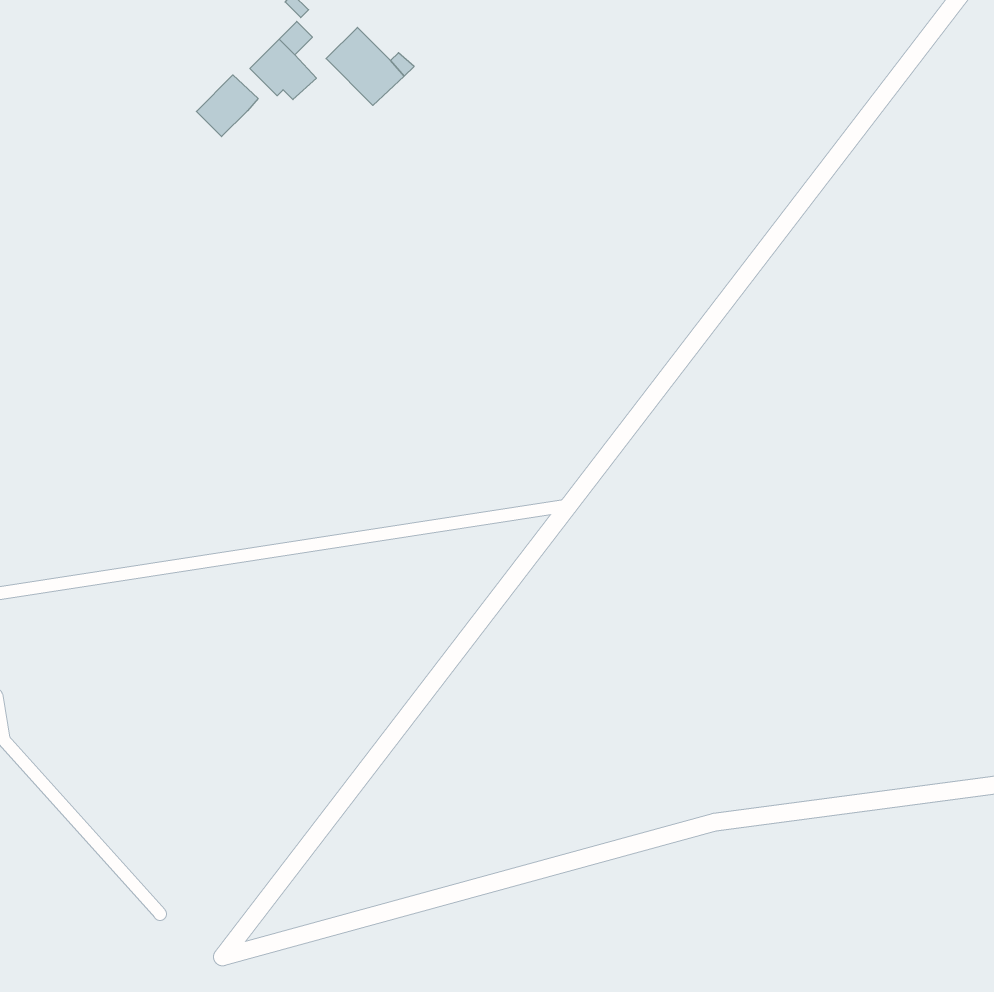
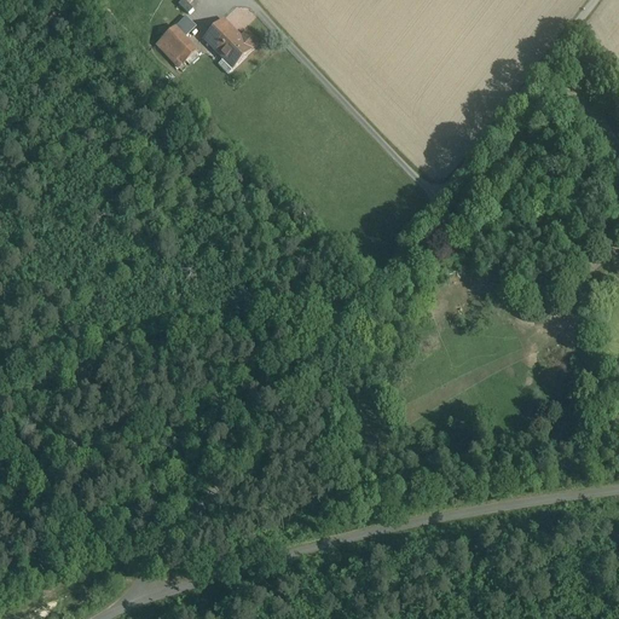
building: [196,75,258,137] -> none

